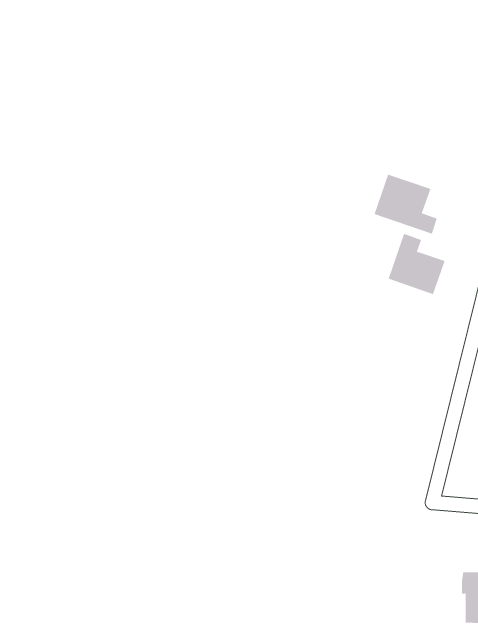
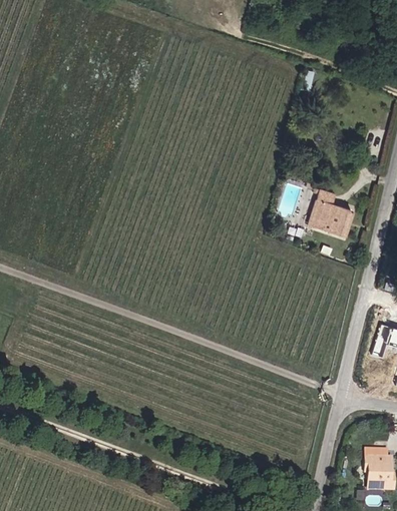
building: [374,174,437,235] -> none

